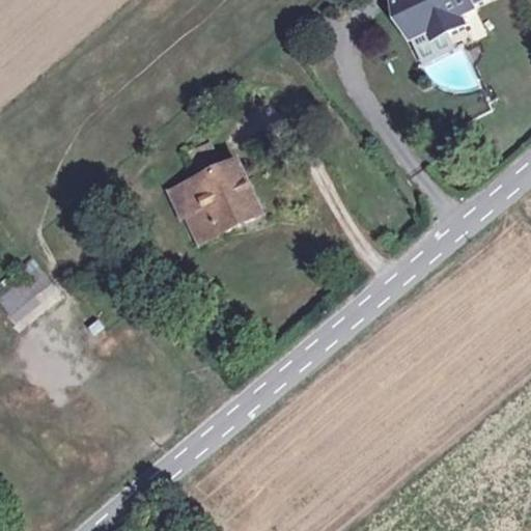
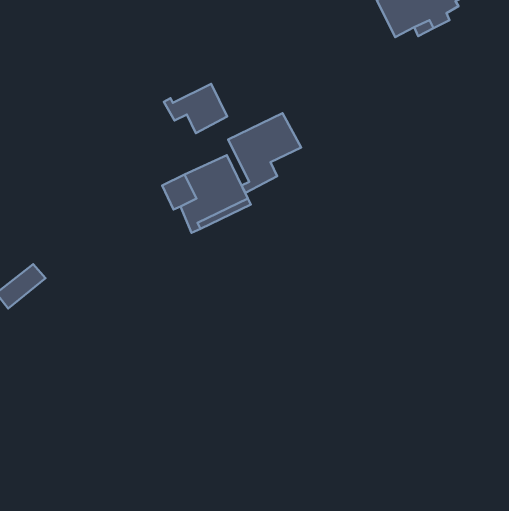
building: none -> [164,84,227,133]
building: none -> [228,113,301,193]

